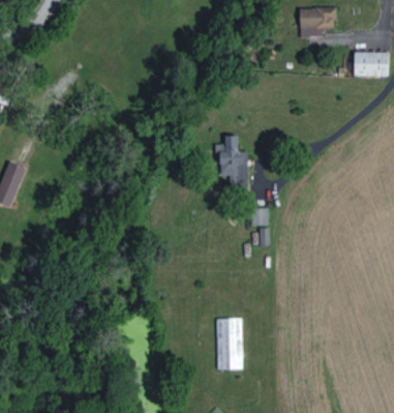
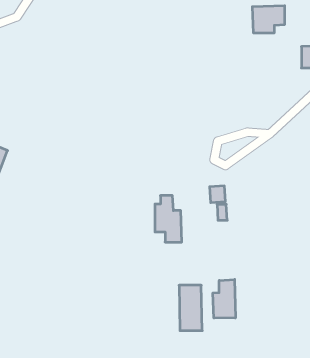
building: [218,136,248,187] -> [155,196,182,242]
building: none -> [213,279,235,318]

